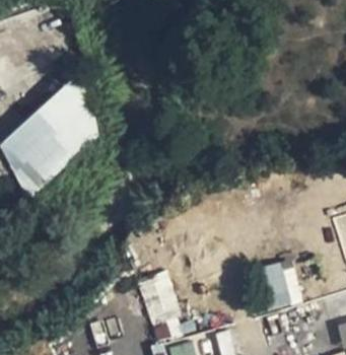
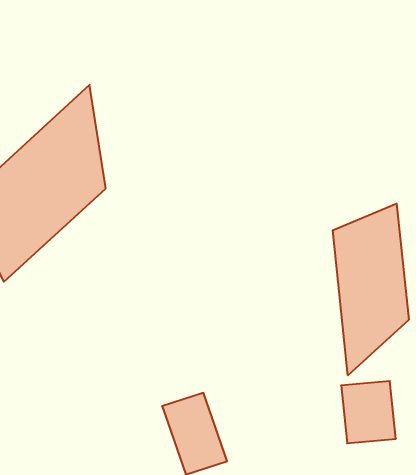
building: none -> [333,204,409,375]

